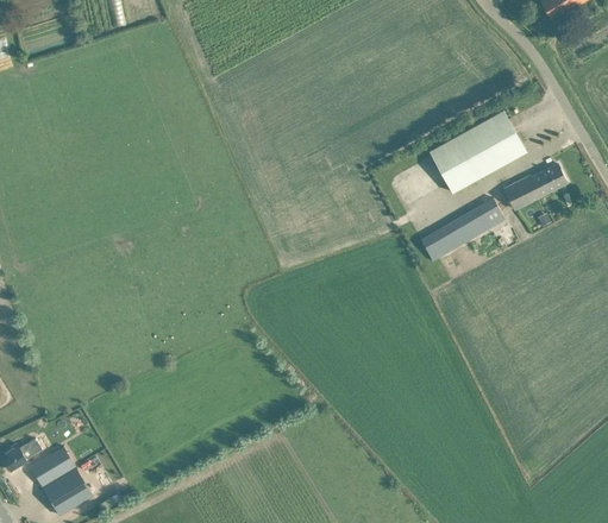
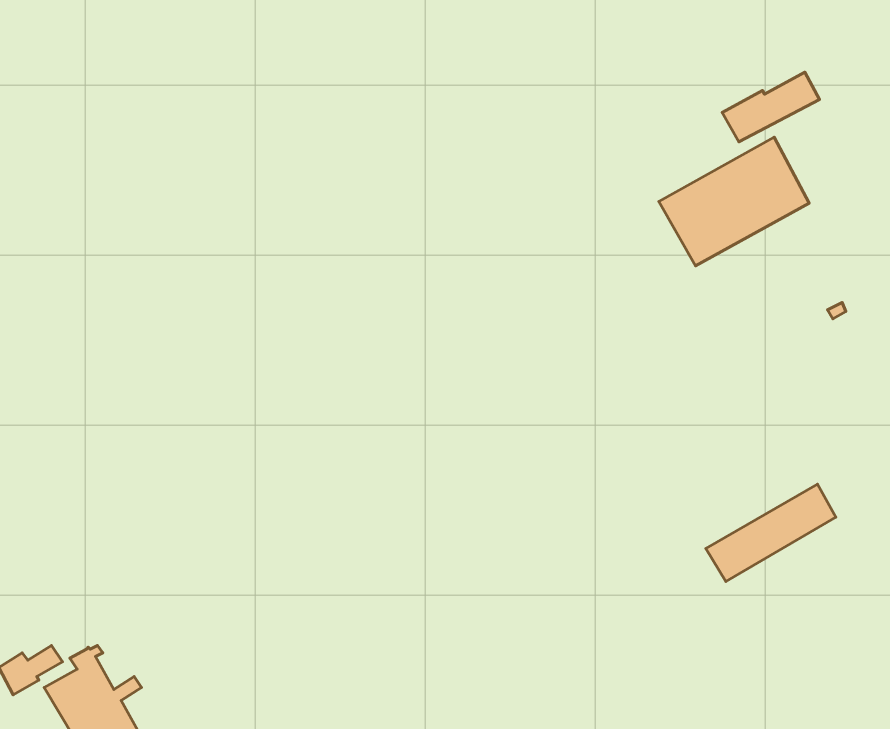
building: [503,165,566,210] -> [722,72,819,142]
building: [420,199,504,262] -> [706,484,836,582]

